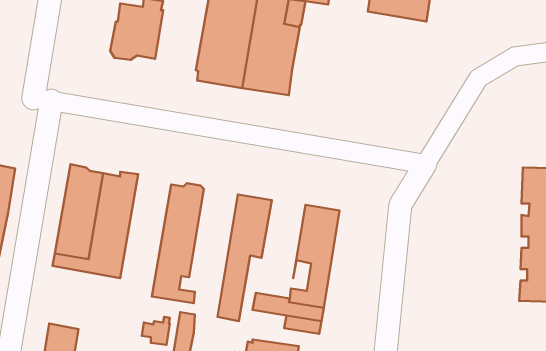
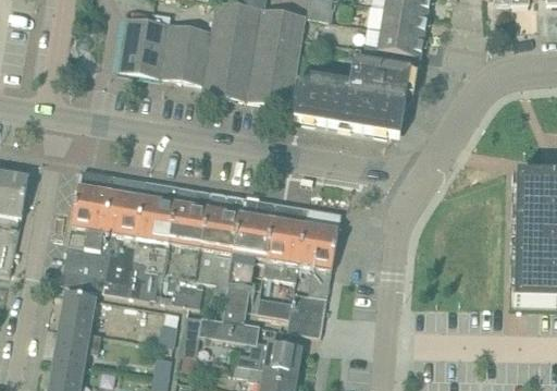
building: none -> [162,24,210,82]
building: none -> [363,25,423,58]
building: none -> [290,60,417,134]
building: none -> [61,182,177,300]
building: none -> [185,196,242,295]
building: none -> [262,207,307,282]
building: none -> [60,293,104,331]
building: none -> [199,316,259,344]

